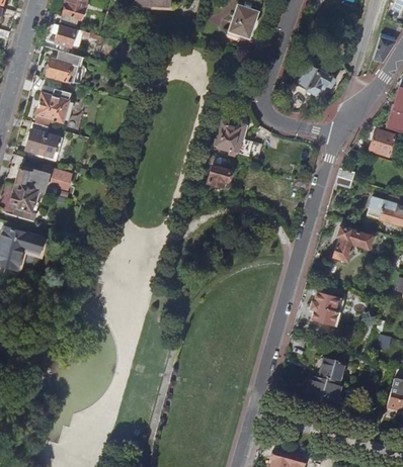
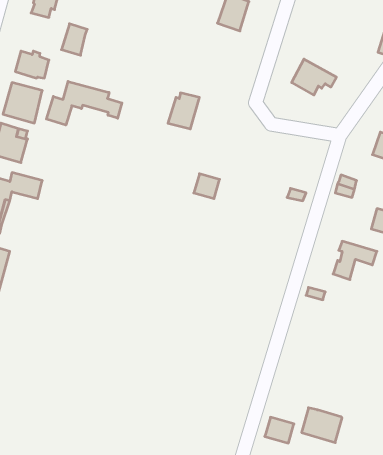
building: [53,25,76,54] -> [61,24,87,55]
building: none -> [46,81,122,125]
building: [218,121,246,154] -> [168,93,199,129]
building: [310,291,344,326] -> none
building: [319,362,345,385] -> [265,417,294,443]

